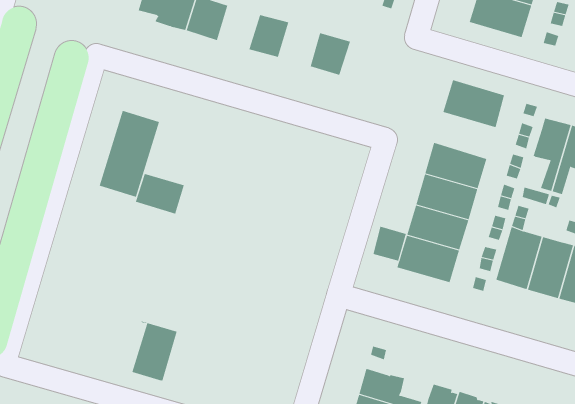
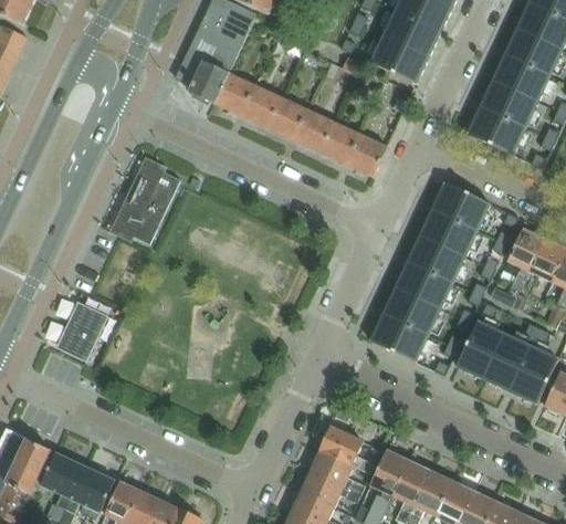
building: none -> [242,85,283,127]
building: none -> [294,108,334,150]
building: none -> [346,134,387,176]
building: none -> [420,209,478,256]
building: [135,173,184,215] -> none
building: [373,226,407,261] -> none
building: [132,321,178,388] -> [62,300,108,361]

